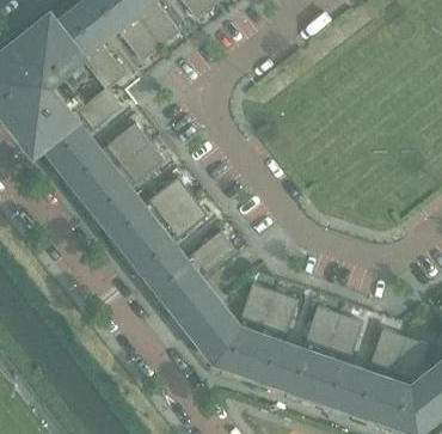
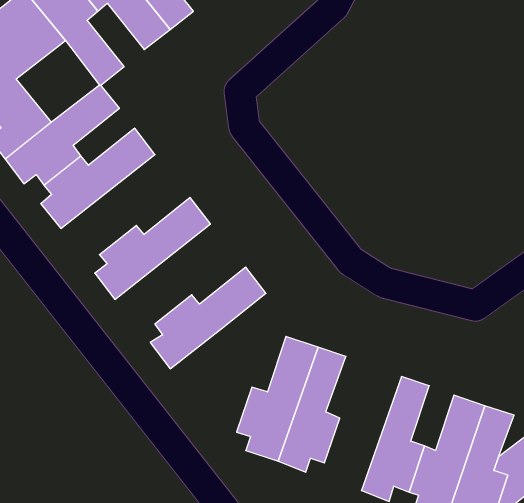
building: [78,142,166,220] -> none
building: [119,196,208,274] -> none
building: [162,279,238,372] -> none
building: [282,306,342,403] -> none

